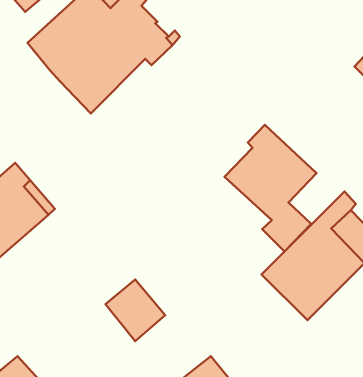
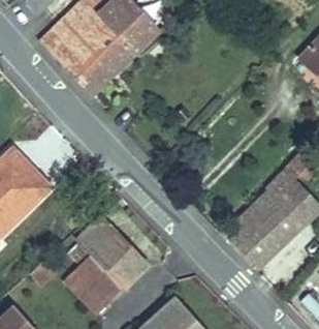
building: [224,125,317,252] -> none
building: none -> [67,221,120,310]

